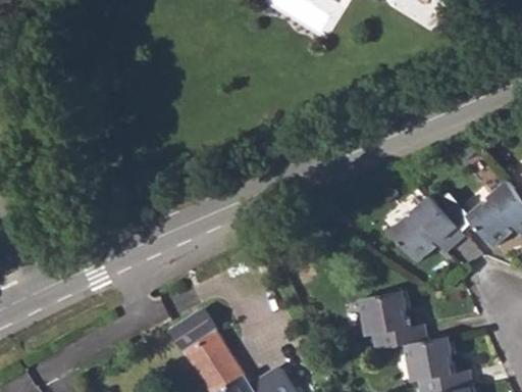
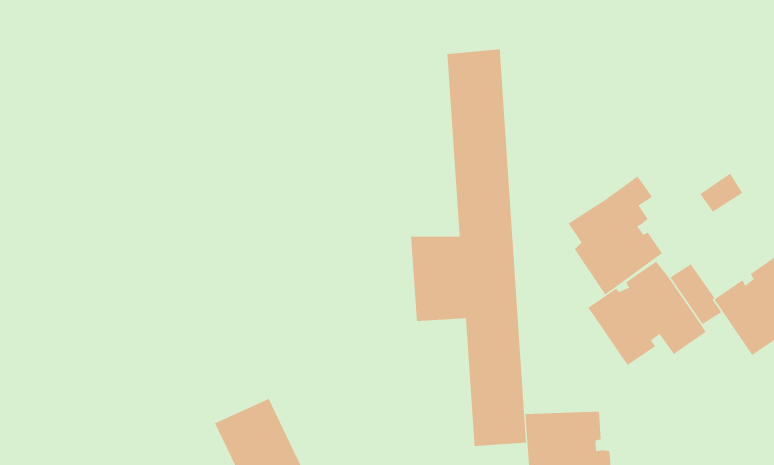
building: none -> [410,48,526,447]
building: none -> [568,176,663,295]

